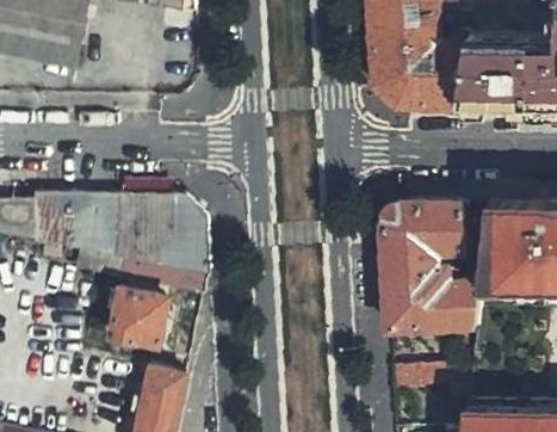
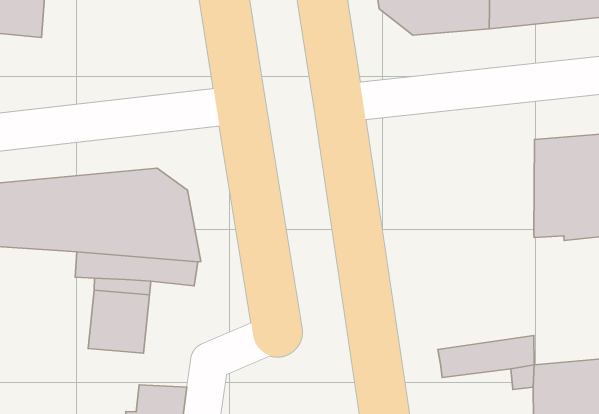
building: [383,202,477,331] -> none

